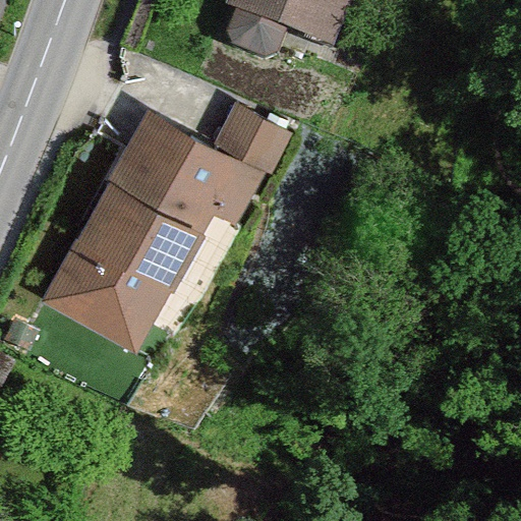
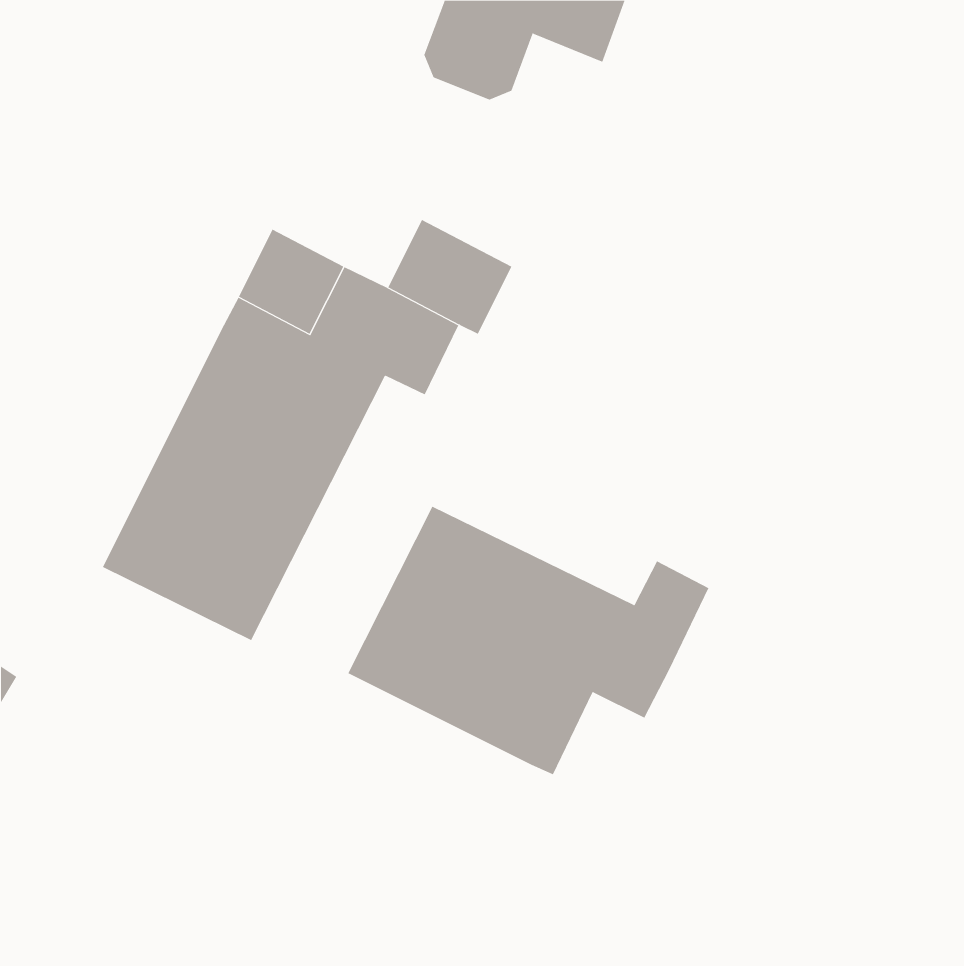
building: none -> [347,506,709,775]

